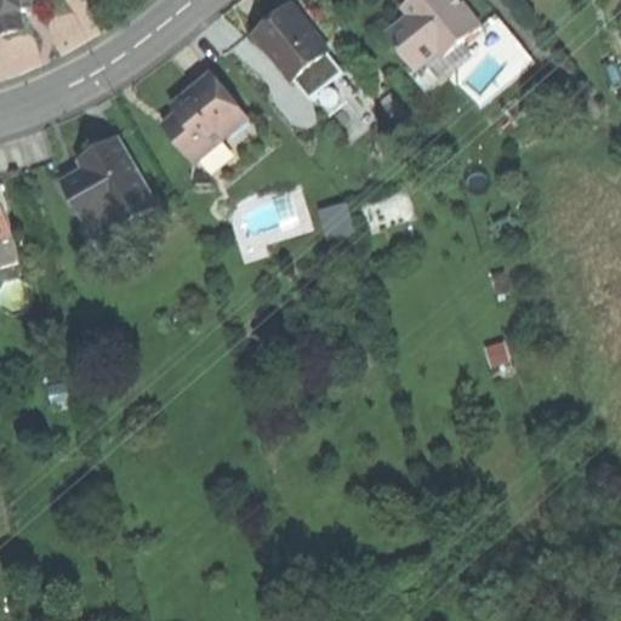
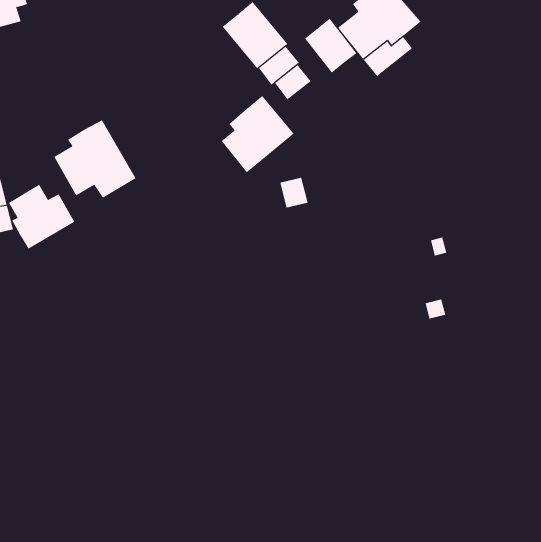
building: none -> [304,18,357,73]
building: [163,72,246,160] -> [221,95,295,173]
building: none -> [8,184,75,249]

